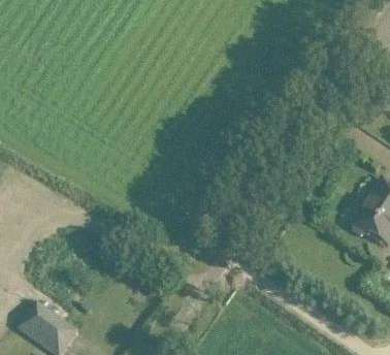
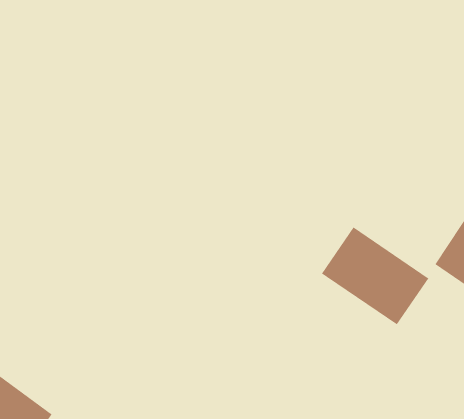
building: none -> [321,227,429,325]

